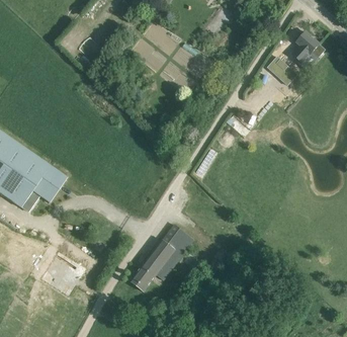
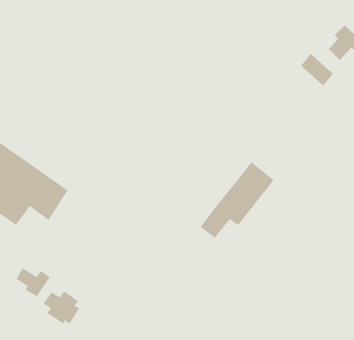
building: [131,225,195,291] -> [200,162,274,239]
building: none -> [16,267,51,297]

